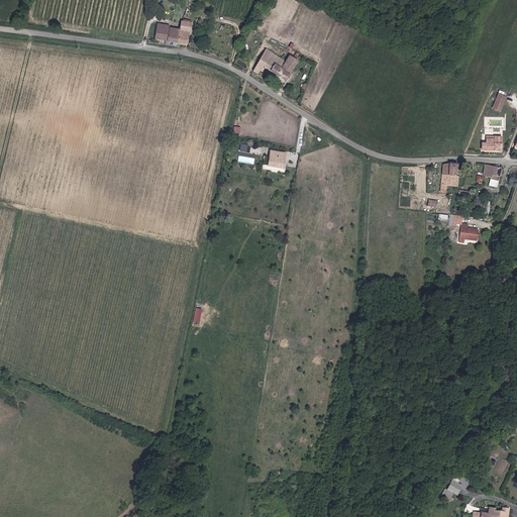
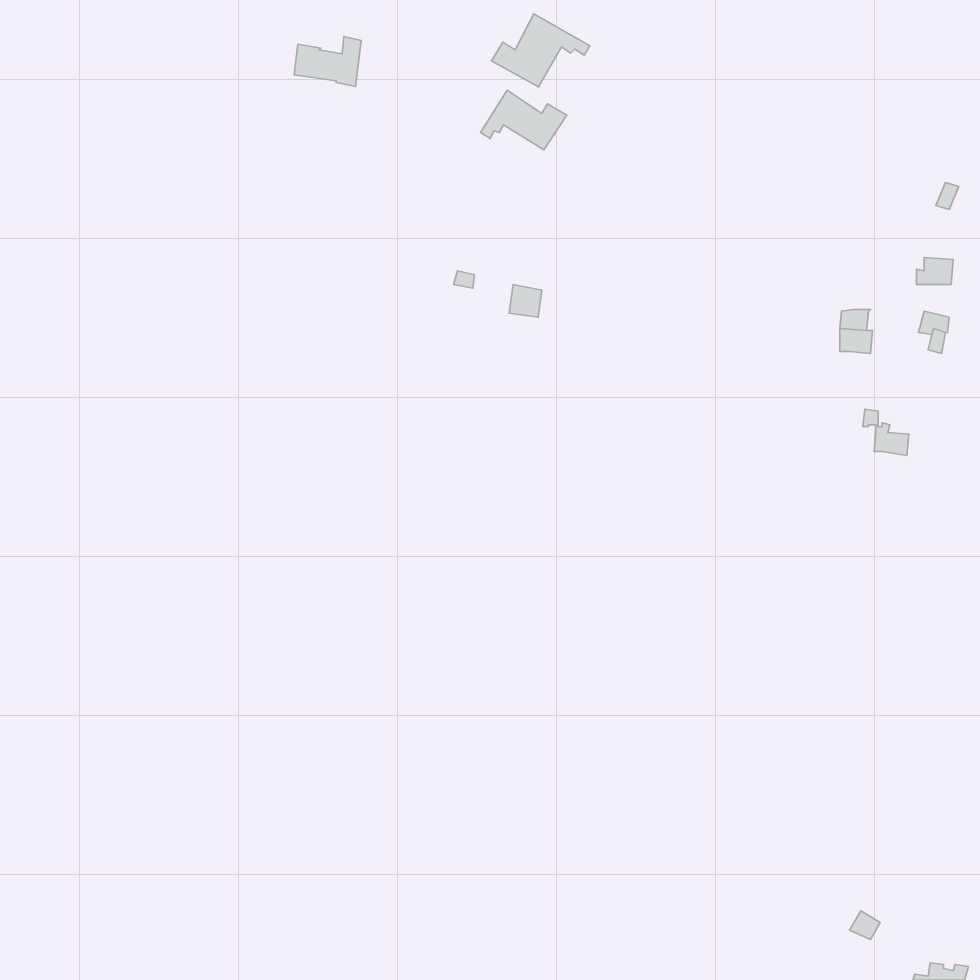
building: none -> [492,14,590,87]

